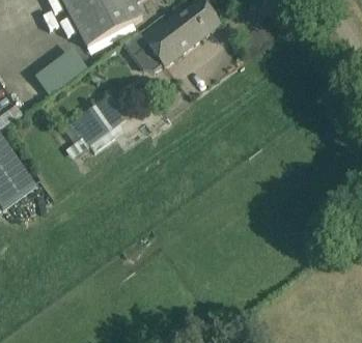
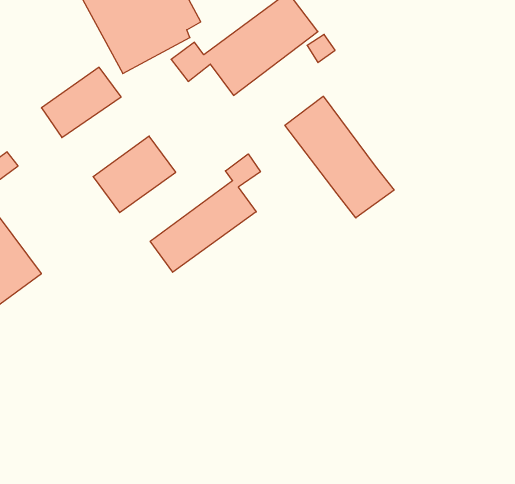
building: none -> [285,96,394,218]
building: none -> [150,154,260,272]

